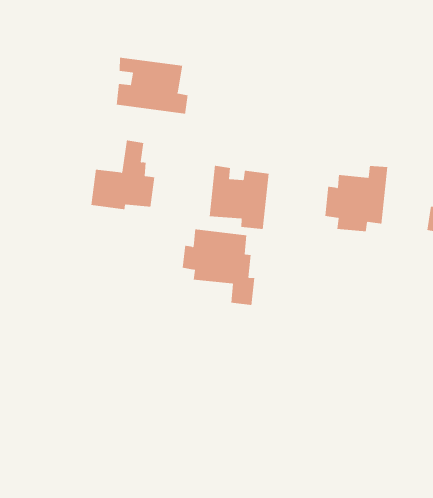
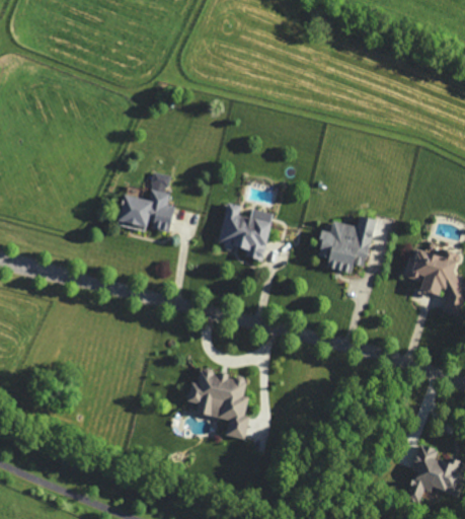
building: [116,57,188,114] -> none
building: [182,229,255,305] -> [186,369,248,440]

